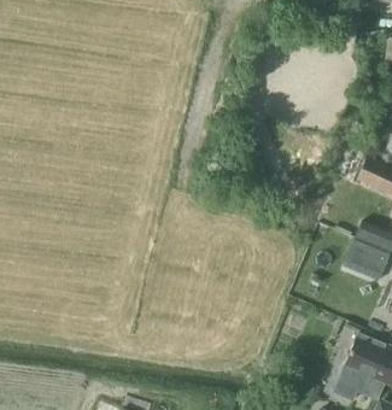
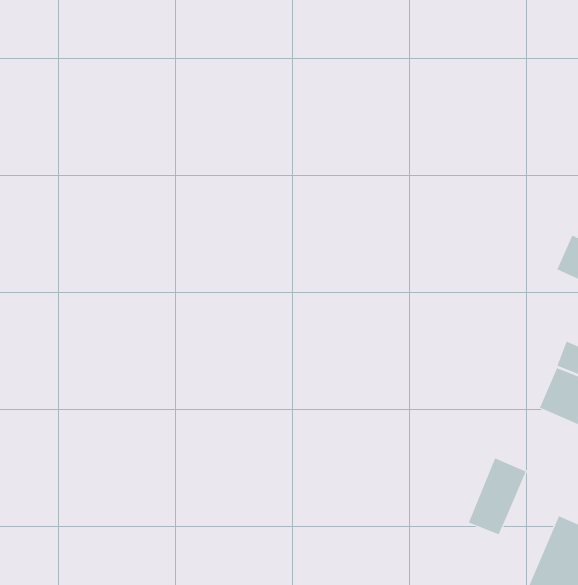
building: none -> [468,458,527,535]

